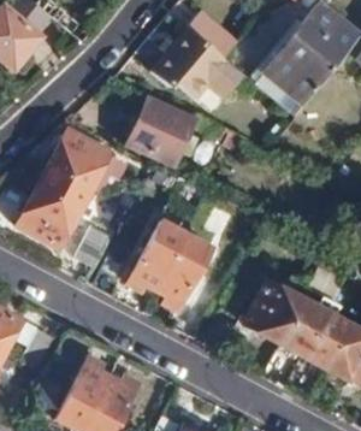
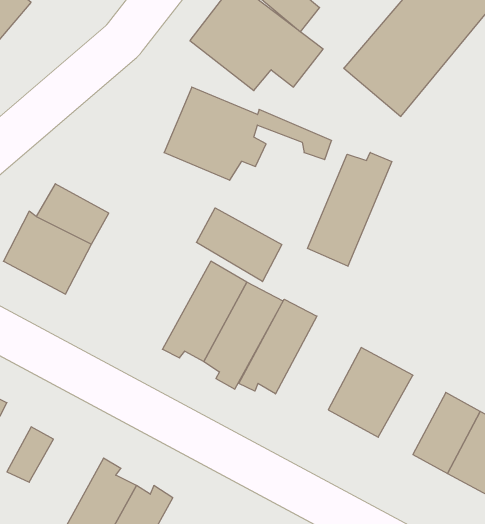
building: [49,126,111,185] -> none
building: none -> [307,152,392,266]
building: none -> [196,208,282,282]
building: none -> [239,299,317,394]
building: [279,299,326,354] -> none

